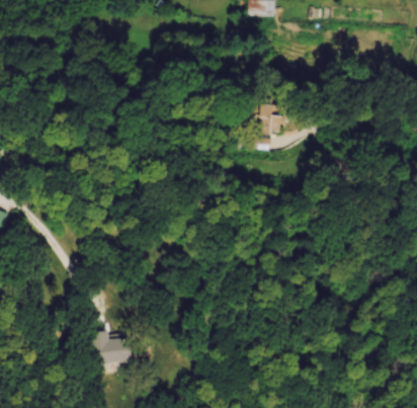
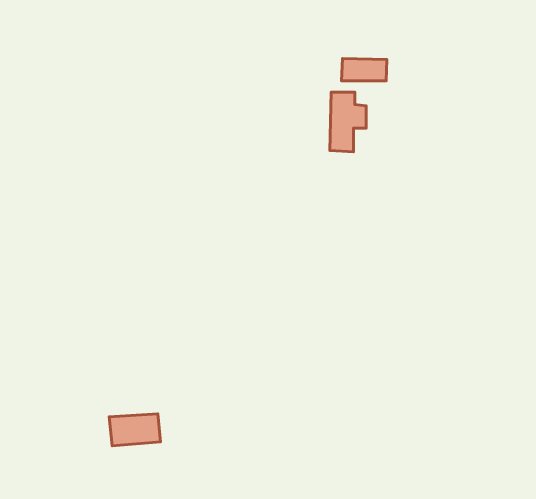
building: none -> [342,59,387,81]

